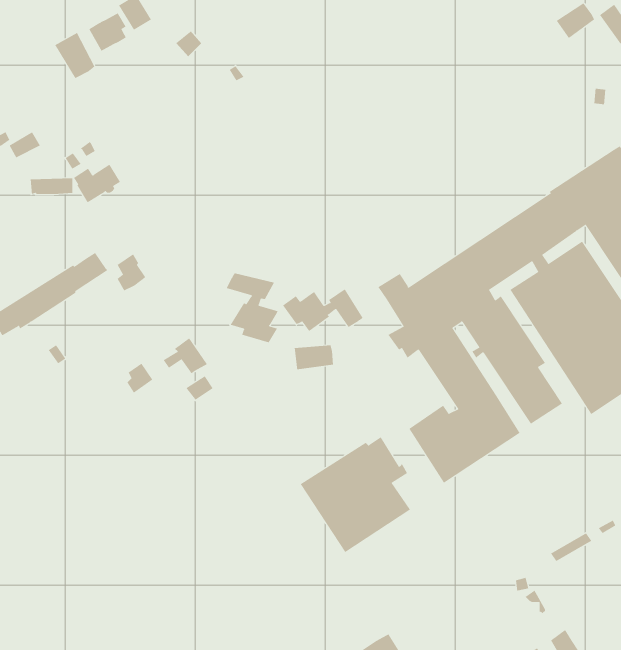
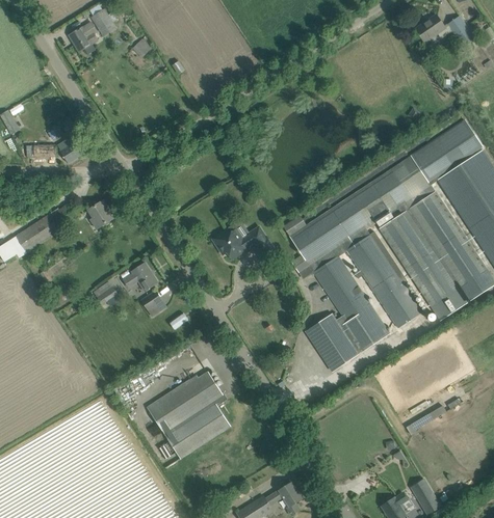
building: [55,32,95,79] -> none
building: [226,272,279,343] -> none
building: [294,345,333,370] -> none
building: [300,437,411,553] -> [147,372,229,458]

